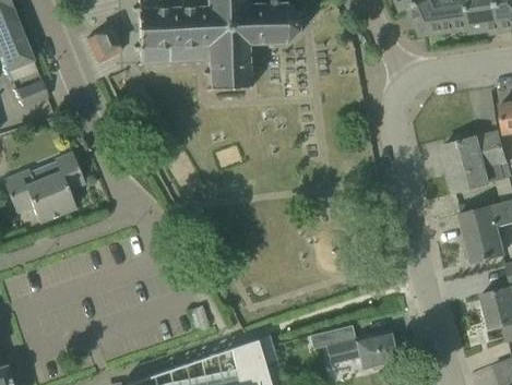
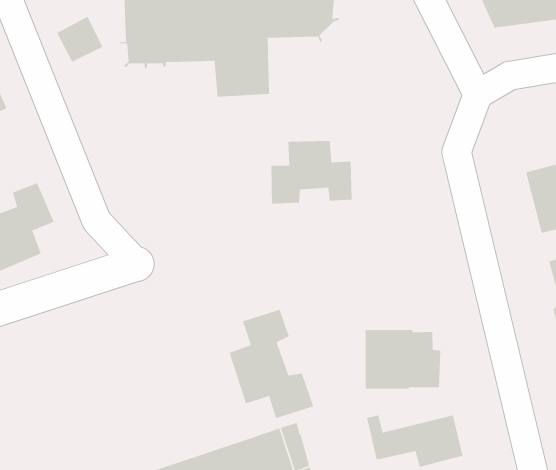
building: none -> [270,140,352,204]
building: none -> [229,309,314,419]
building: none -> [365,329,441,390]

